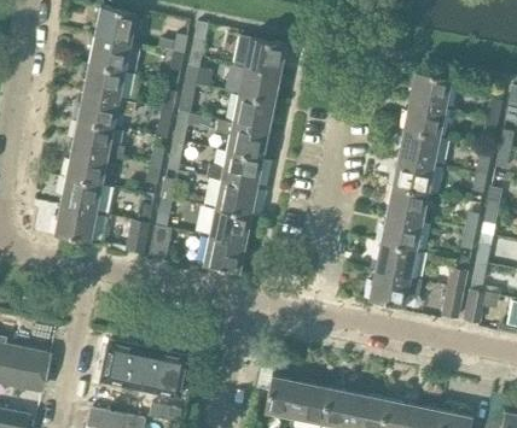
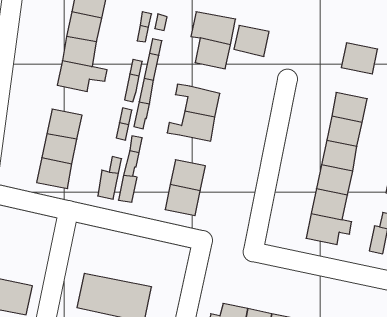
building: [233,95,274,131] -> [234,25,269,56]
building: [403,101,446,137] -> none
building: [72,122,124,159] -> none
building: [216,180,257,216] -> none

